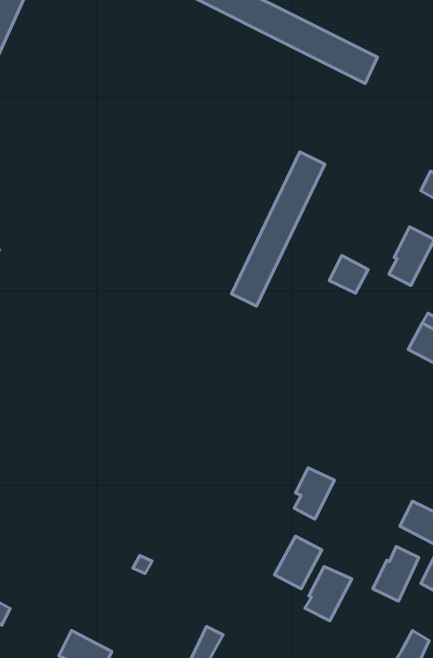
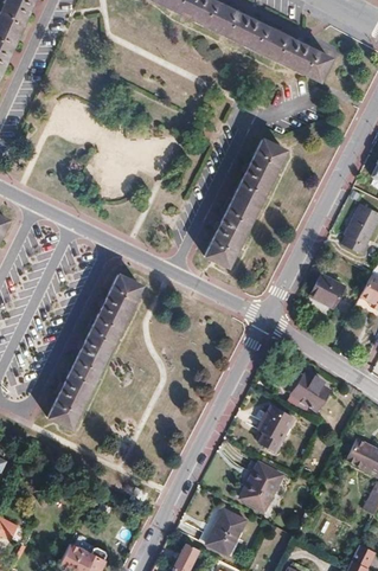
building: [329,255,368,293] -> [310,276,344,308]
building: none -> [49,275,141,429]
building: none -> [299,368,337,405]
building: [373,546,419,601] -> none
building: [305,566,352,621] -> [206,509,246,556]

